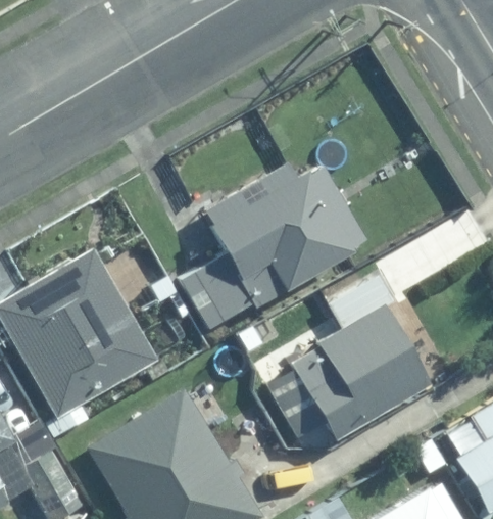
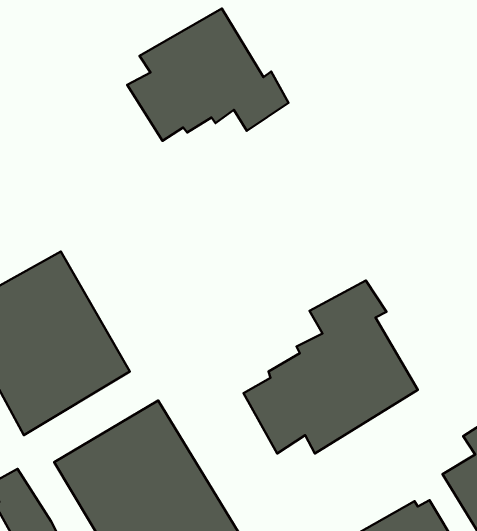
building: none -> [127,9,288,141]
building: [179,161,366,332] -> none

